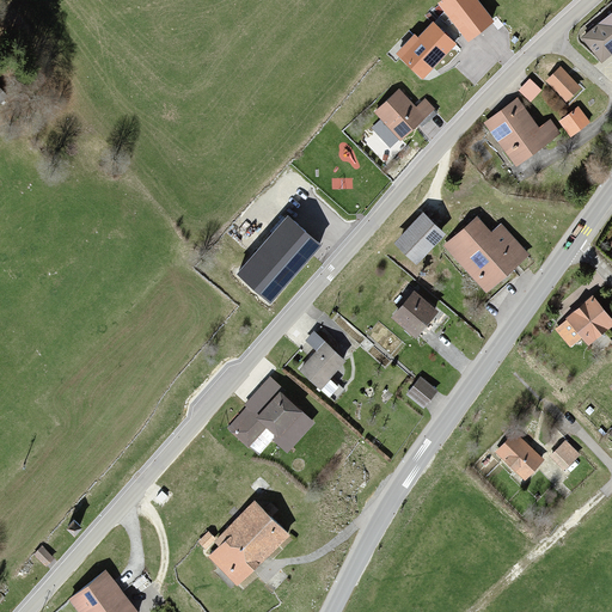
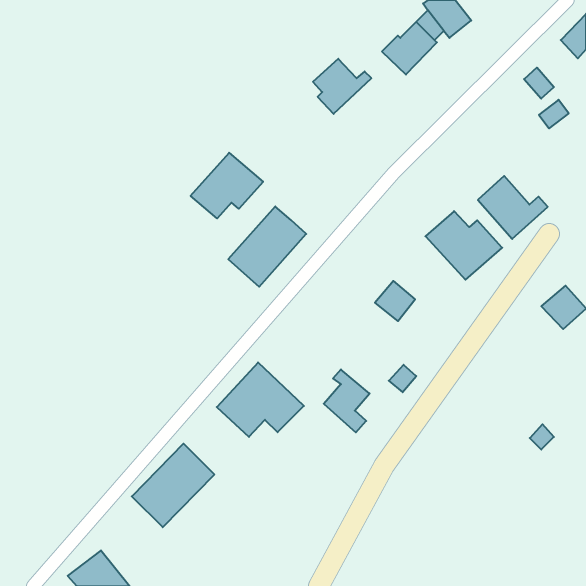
building: [371,88,432,146] -> [313,59,371,114]
building: [483,99,556,165] -> [478,176,548,239]
building: none -> [191,153,263,218]
building: [397,214,440,258] -> none
building: [300,332,348,398] -> [324,369,370,432]
building: [495,436,541,481] -> none
building: [206,498,292,586] -> [132,444,214,527]

